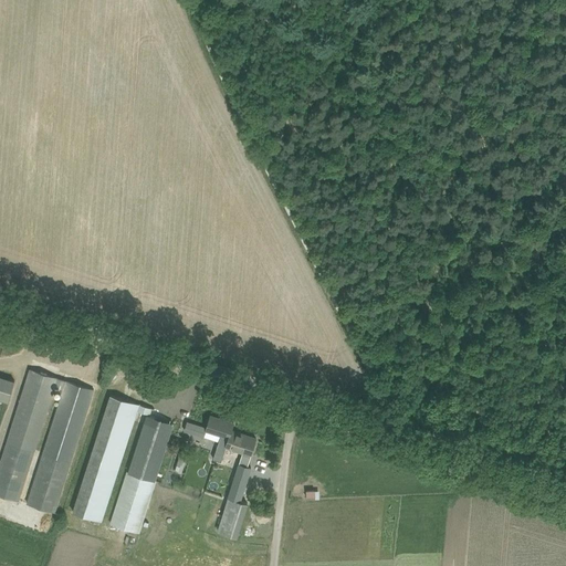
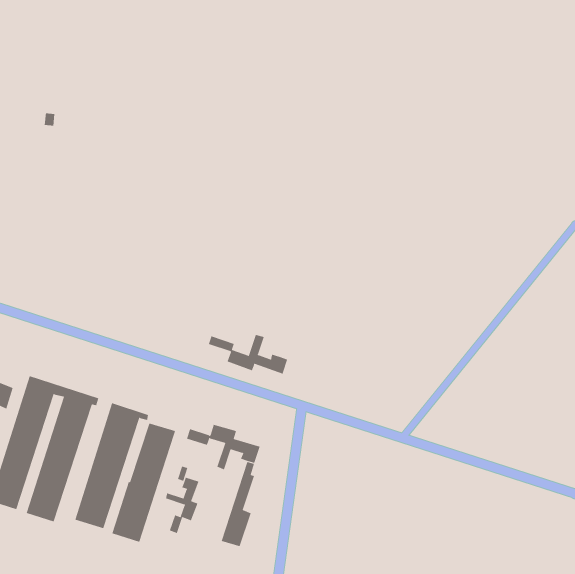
building: none -> [208,334,288,374]
building: none -> [165,477,199,534]

